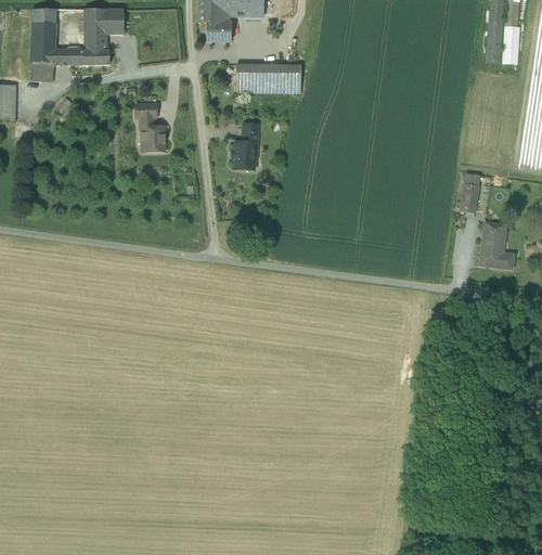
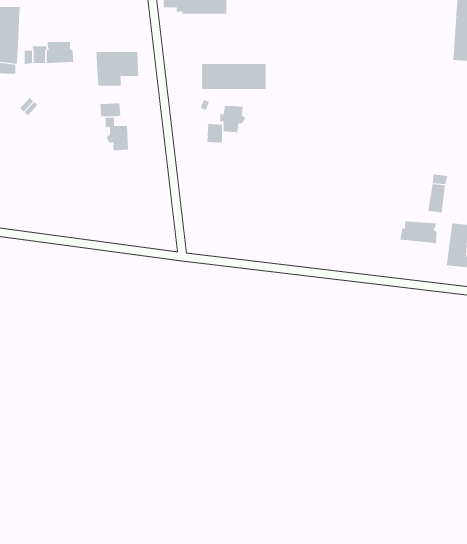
building: [81,8,125,42] -> [95,51,139,86]
building: [198,9,231,41] -> none
building: [232,142,258,169] -> [220,105,246,133]
building: none -> [400,221,437,244]

